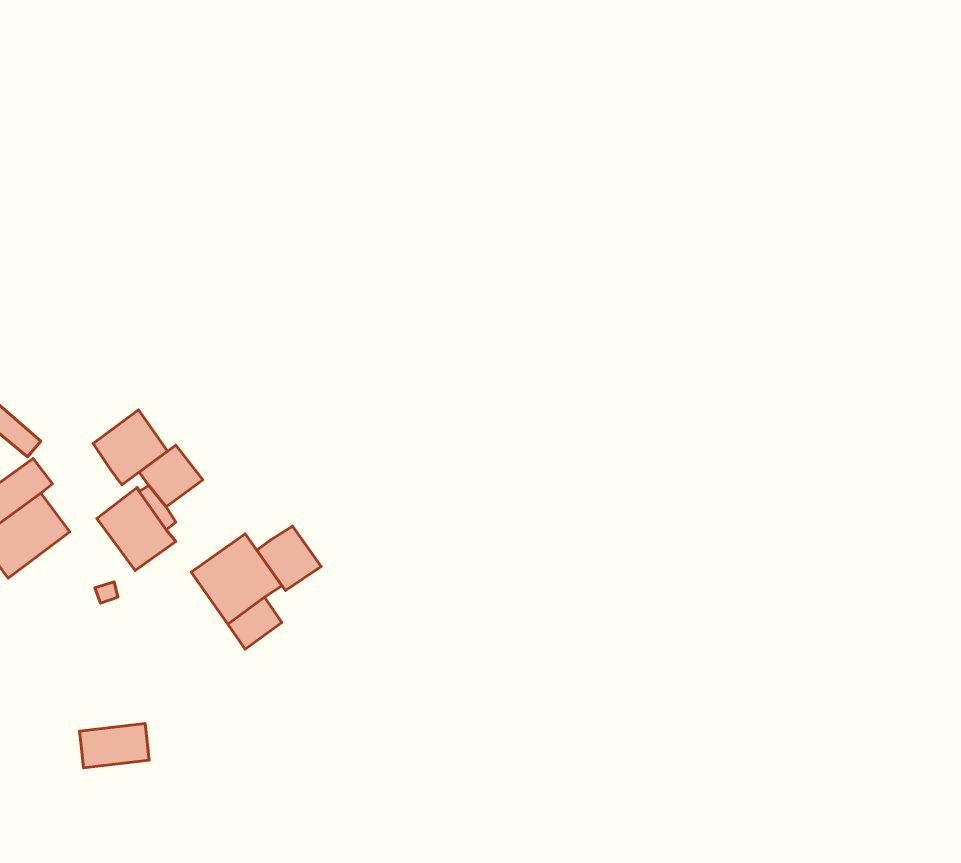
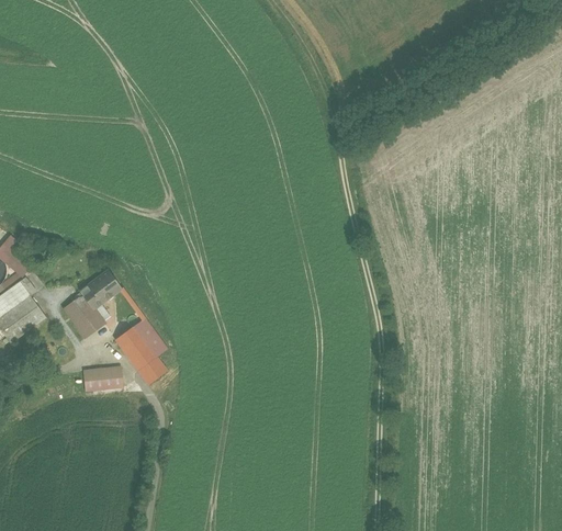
building: [93,410,167,485] -> none
building: [257,526,321,591] -> none
building: [80,723,149,768] -> [81,366,121,392]

